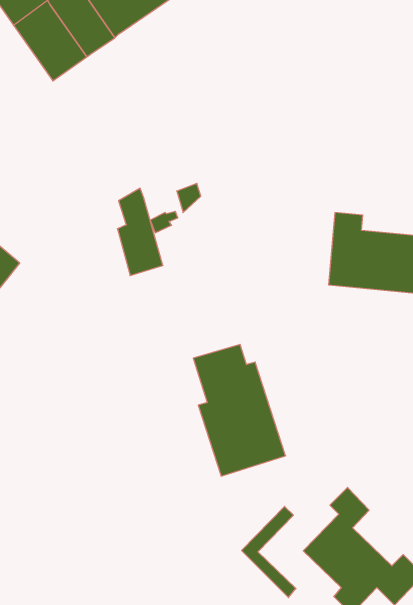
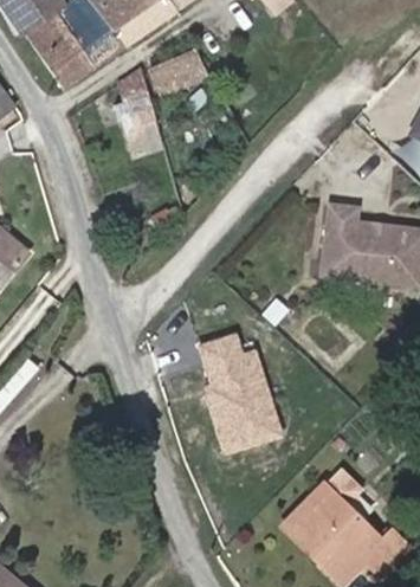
building: none -> [151,47,208,93]
building: [117,188,163,276] -> [121,67,163,149]
building: [242,506,296,598] -> [283,482,334,567]

